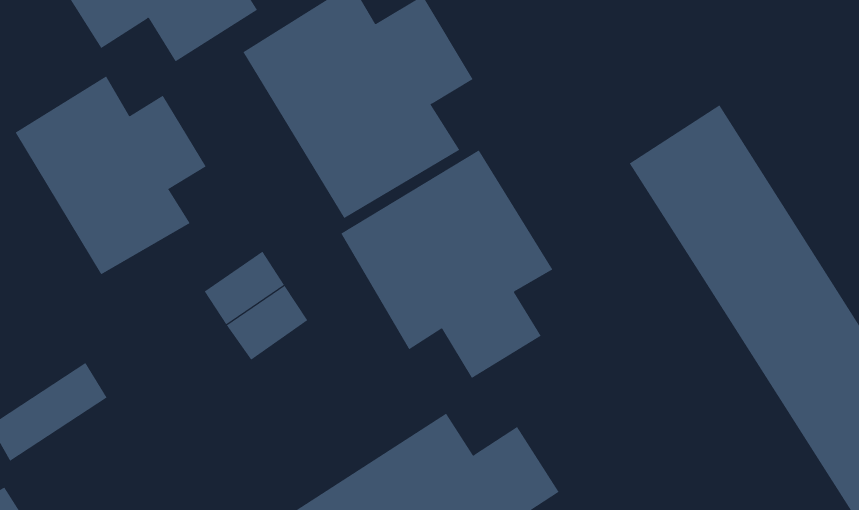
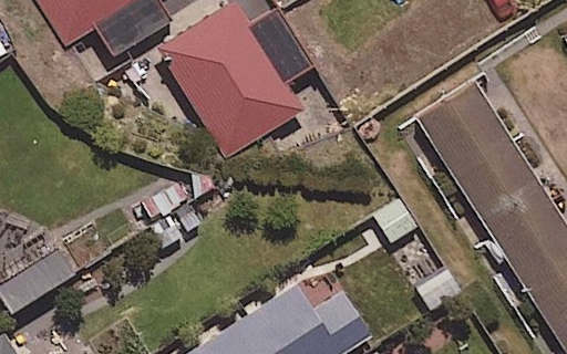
building: [15,76,207,275] -> none
building: [341,149,553,379] -> none

